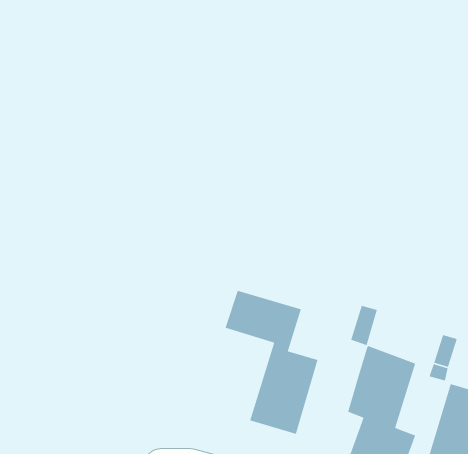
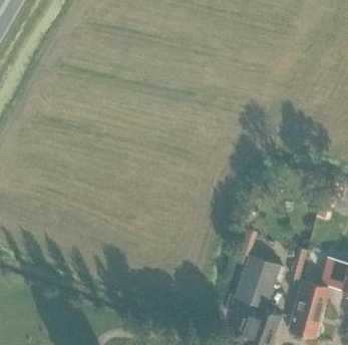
building: [224,290,318,435] -> none

